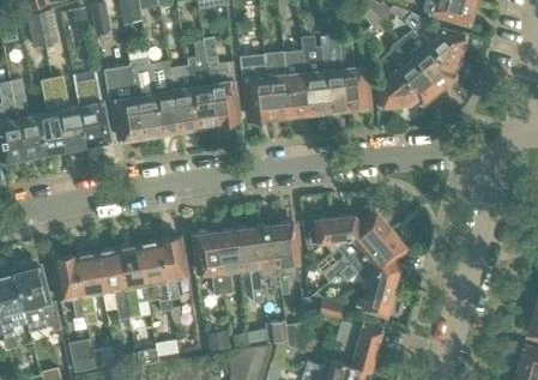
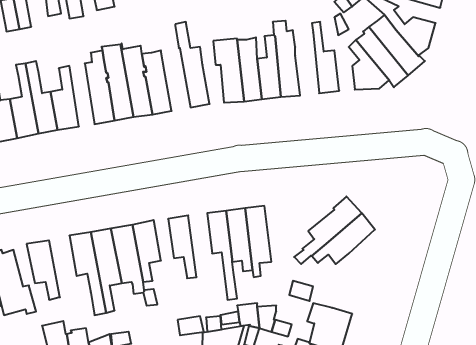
building: [321,32,347,111] -> none
building: [186,41,218,127] -> none
building: [308,216,363,253] -> none
building: [216,230,240,295] -> none
building: [75,253,103,325] -> none
building: [356,259,399,316] -> none

